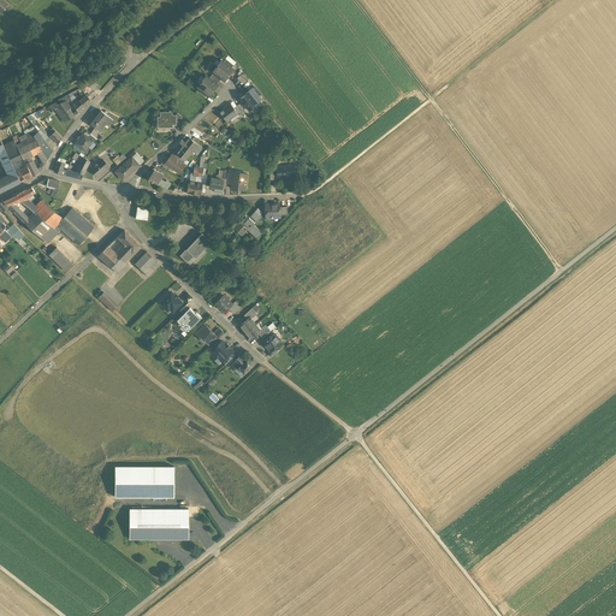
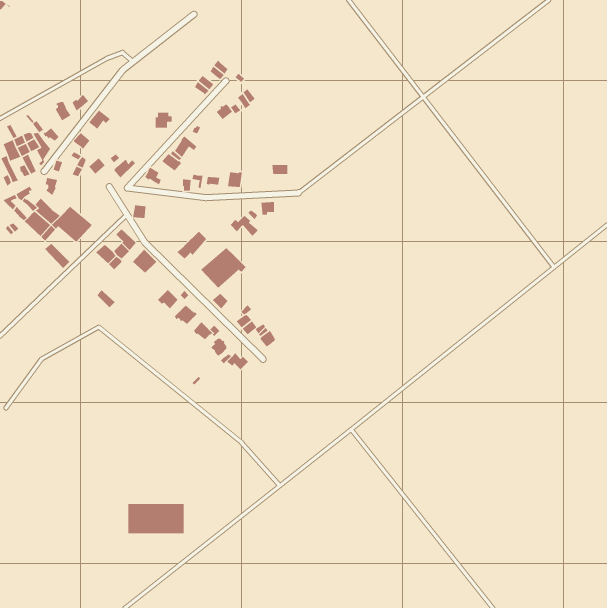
building: none -> [200,247,247,288]
building: [114,467,172,497] -> none

